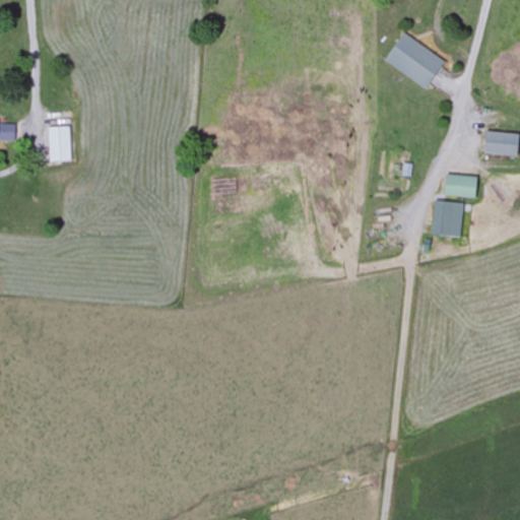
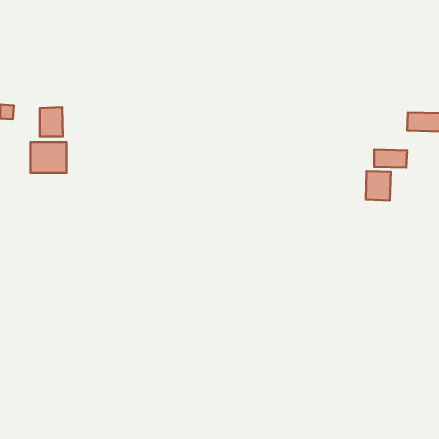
building: [384,31,445,87] -> none
building: none -> [30,142,67,173]

